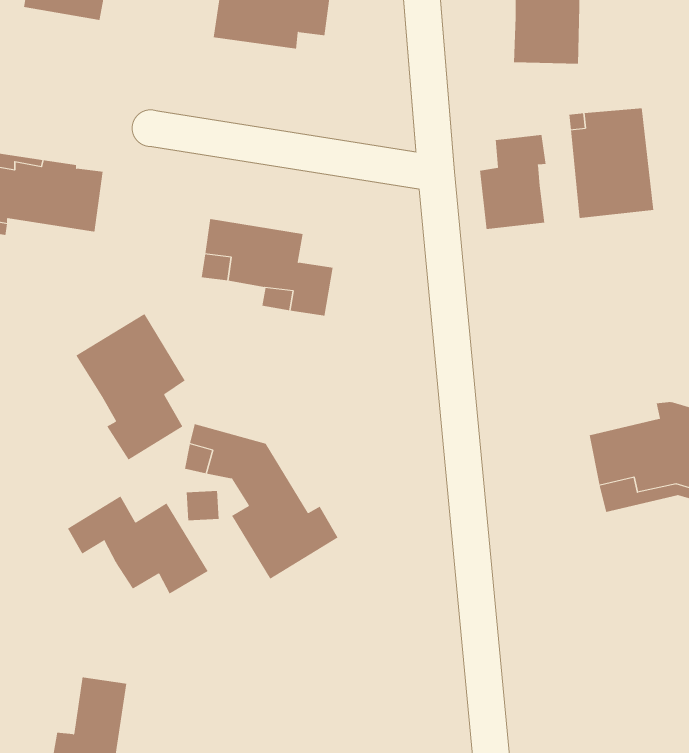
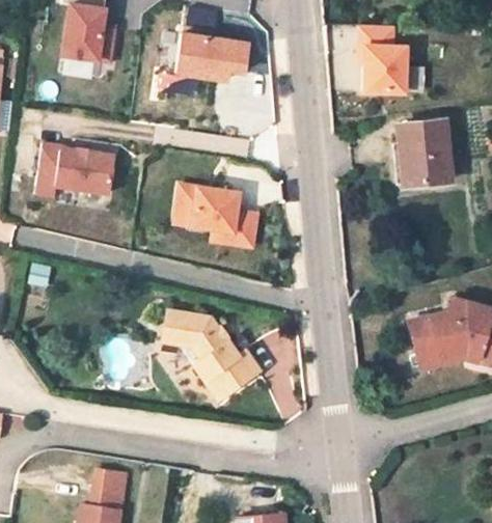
building: [479,134,546,230] -> none
building: [75,313,185,460] -> none
building: [67,496,208,594] -> none

